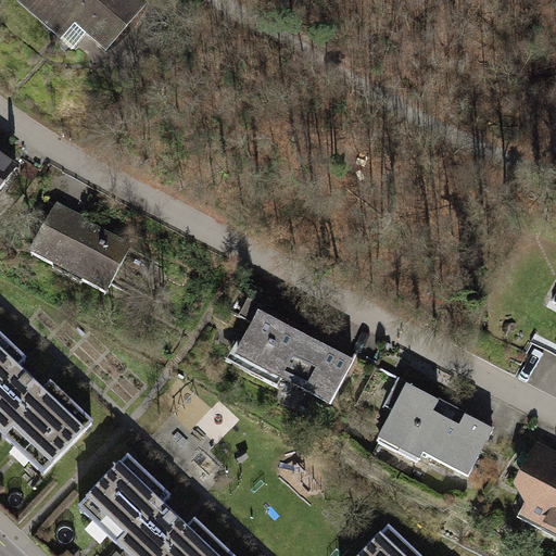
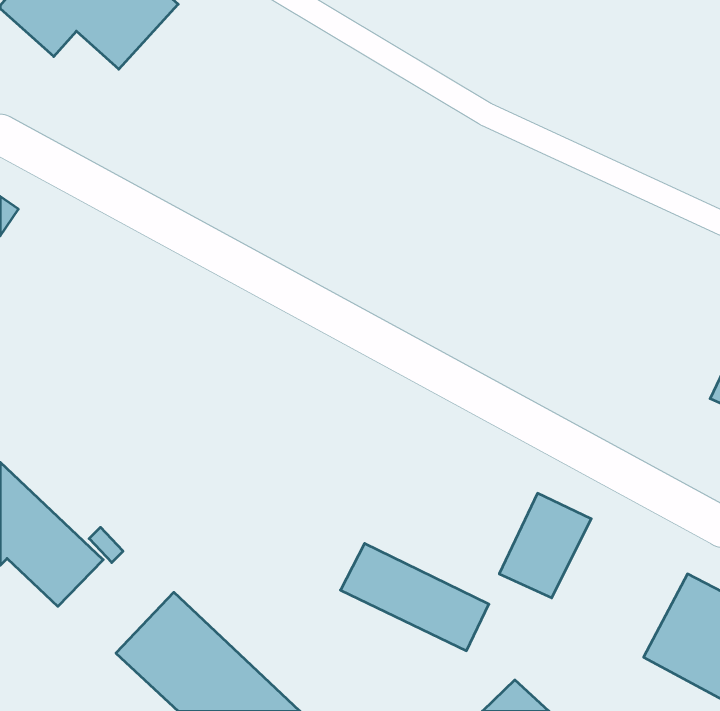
building: [23,205,127,292] -> none
building: [233,317,348,400] -> [340,543,489,651]
building: [426,399,498,480] -> none

